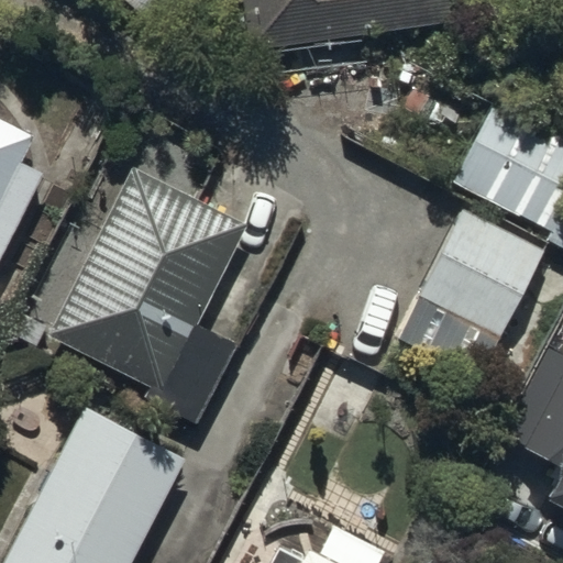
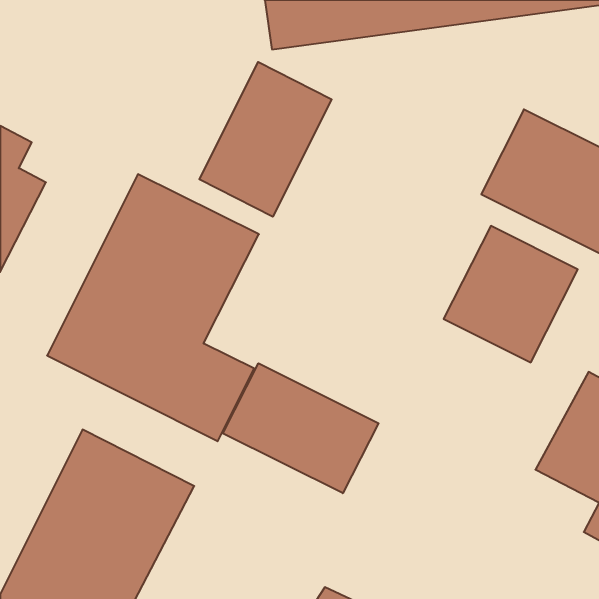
building: none -> [199,62,332,217]
building: none -> [223,363,379,493]

